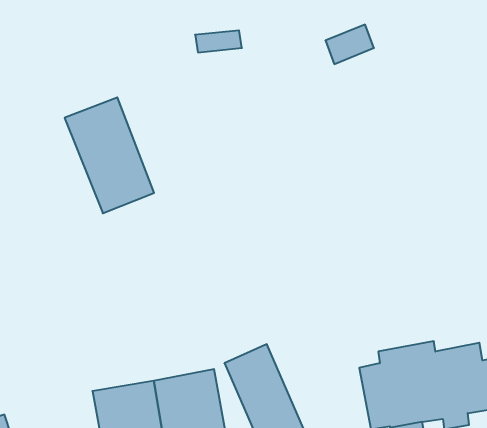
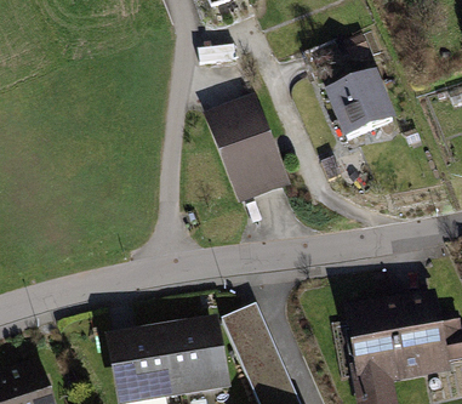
building: none -> [330,78,393,137]
building: [65,97,154,213] -> [210,99,284,195]

